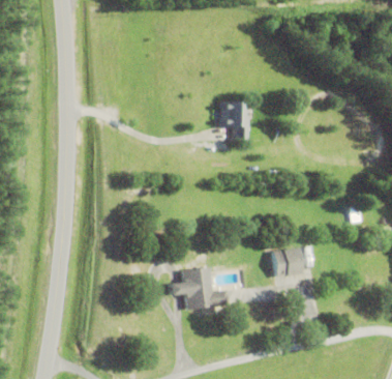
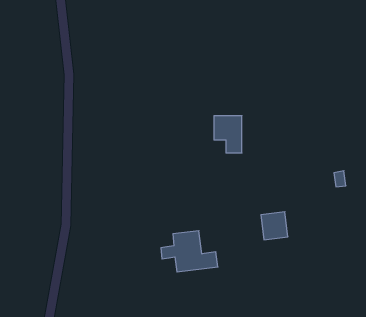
building: [218,101,247,140] -> [214,116,242,153]

